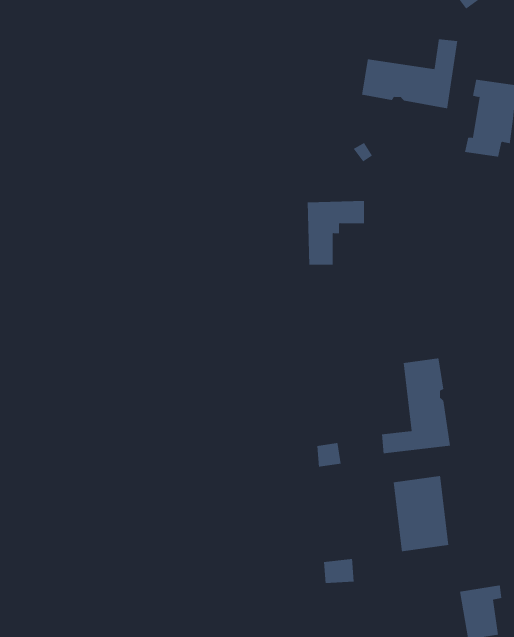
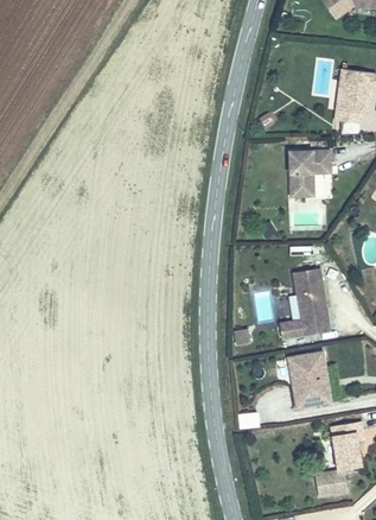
building: [362,38,458,109] -> none
building: [307,201,365,265] -> [292,148,333,195]

